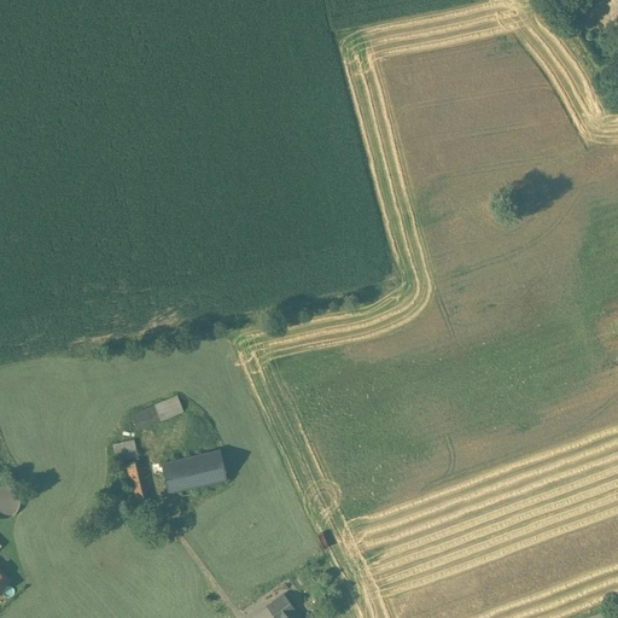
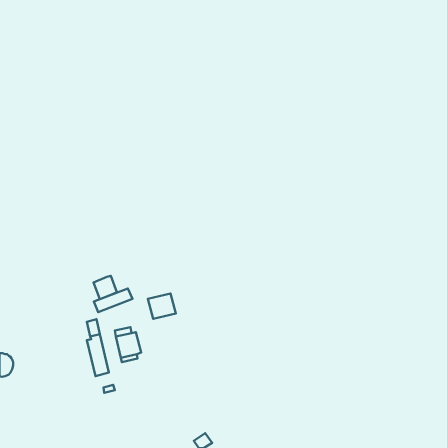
building: none -> [93,276,117,299]
building: [187,450,226,485] -> [148,293,176,319]

